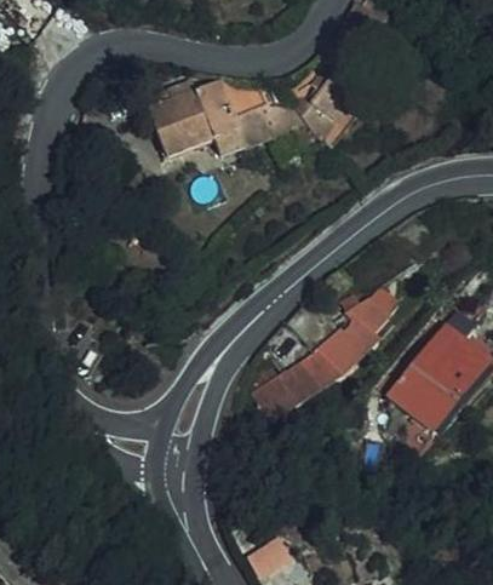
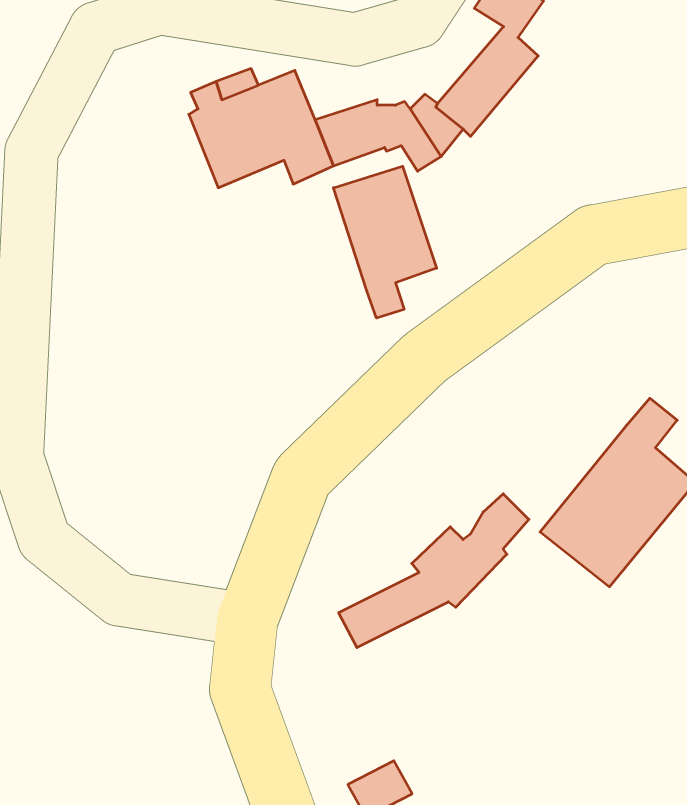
building: none -> [333,166,437,318]
building: [266,296,392,397] -> [339,494,529,648]

